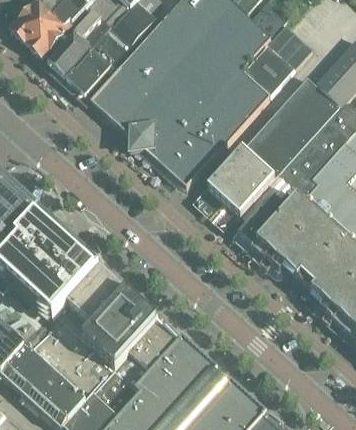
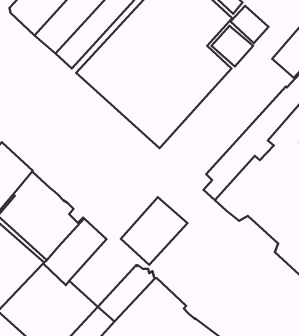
building: [198,76,339,216] -> none
building: [82,291,159,369] -> [121,197,187,265]

